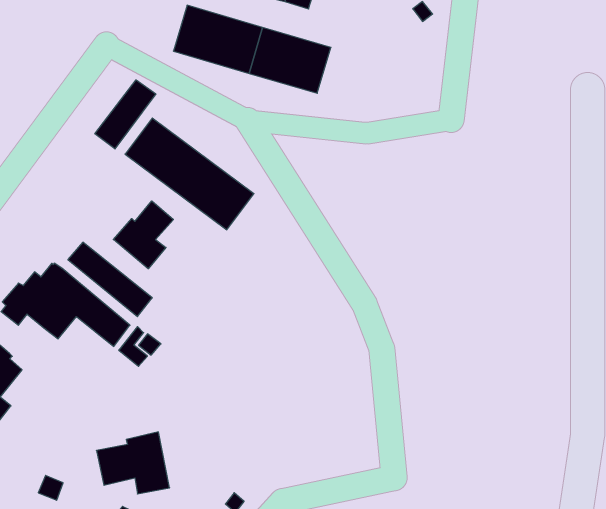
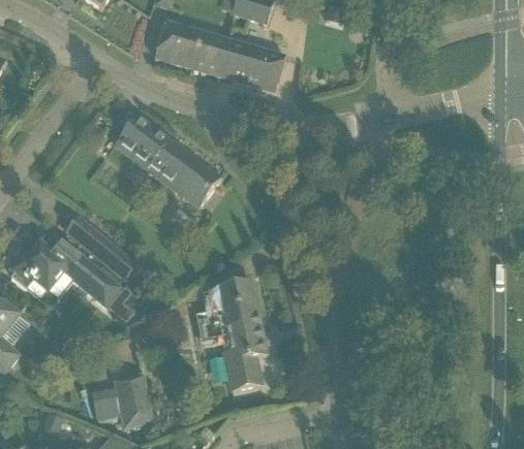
building: [95,80,156,149] -> none
building: [113,201,173,269] -> none
building: none -> [218,281,266,389]

